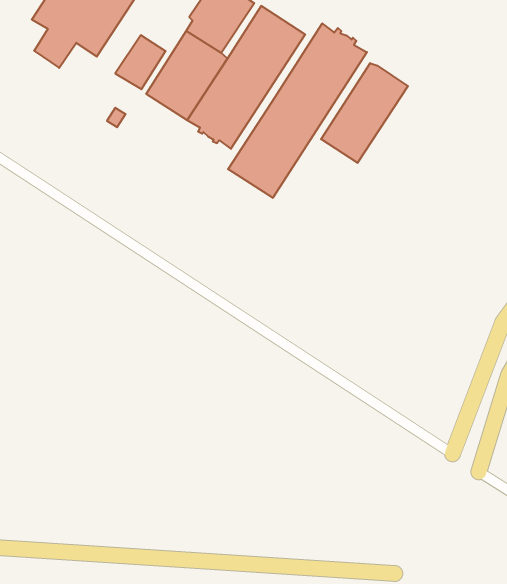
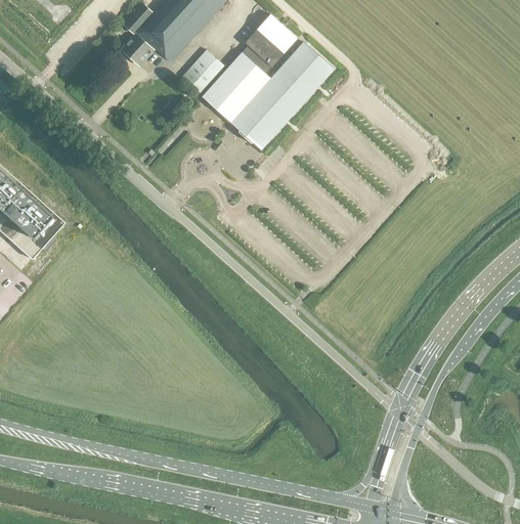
building: [228,23,367,198] -> none
building: [321,63,408,163] -> none

